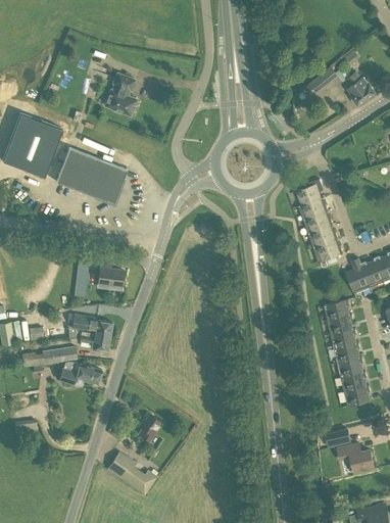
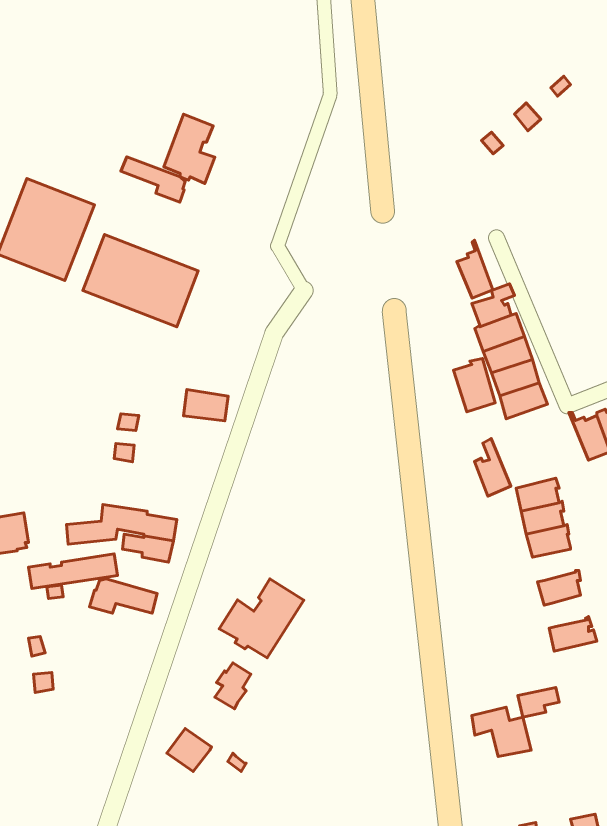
building: [345,73,374,105] -> none
building: none -> [121,157,185,202]
building: none -> [457,240,493,298]
building: none -> [453,358,495,412]
building: [345,258,368,294] -> [475,438,511,496]
building: [96,268,124,287] -> [184,389,228,421]
building: [333,342,359,364] -> none
building: none -> [219,579,304,658]
building: [340,371,367,392] -> none
building: [337,443,374,474] -> [472,707,531,757]

